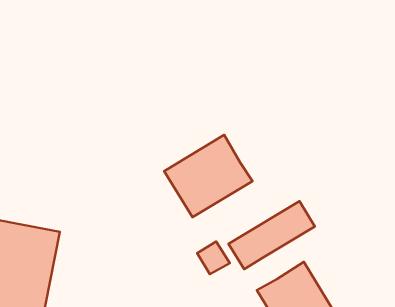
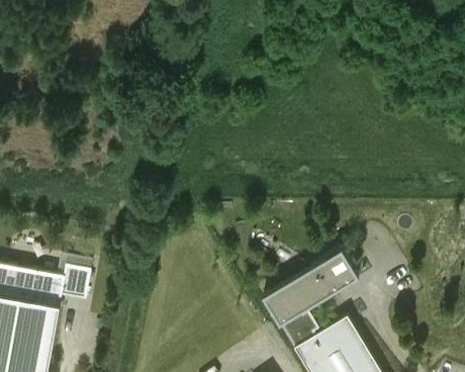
building: [164,135,252,217] -> none
building: [197,241,230,274] -> [277,309,313,346]

